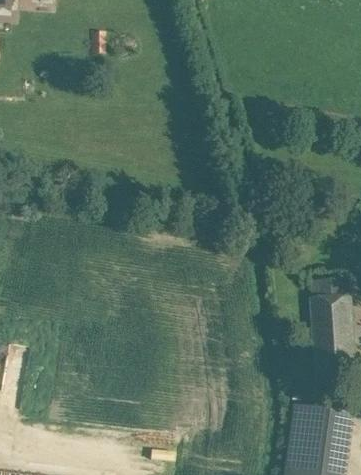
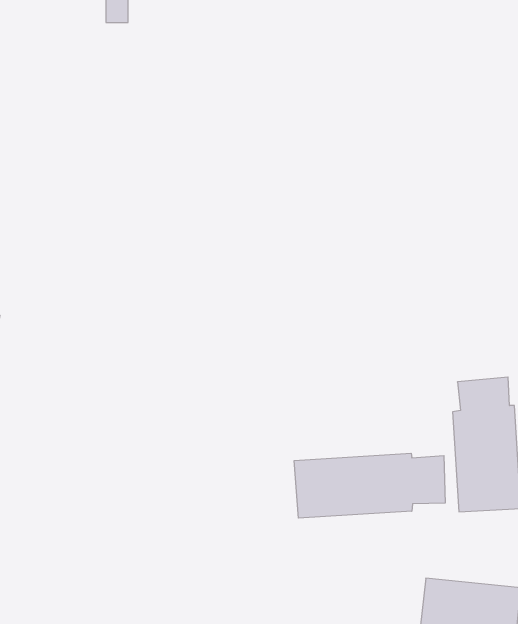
building: none -> [294,453,445,518]

